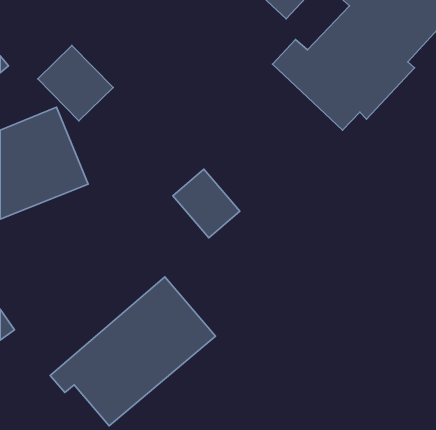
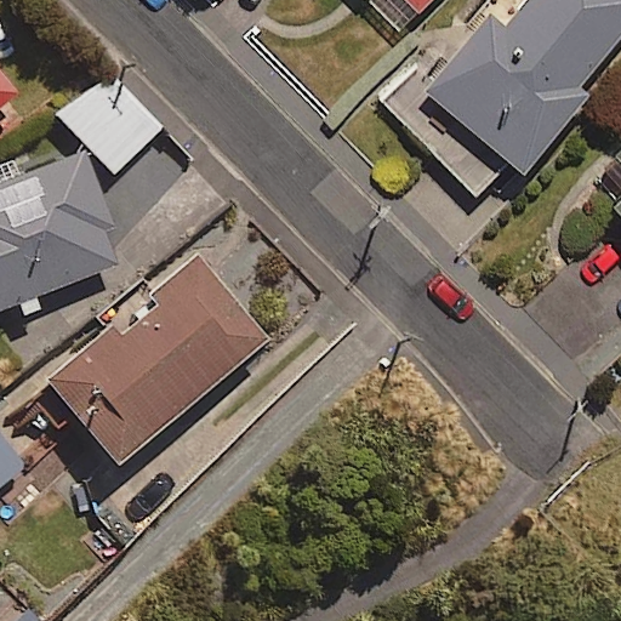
building: [173,169,240,238] -> none
building: [50,277,216,426] -> [32,258,266,469]

